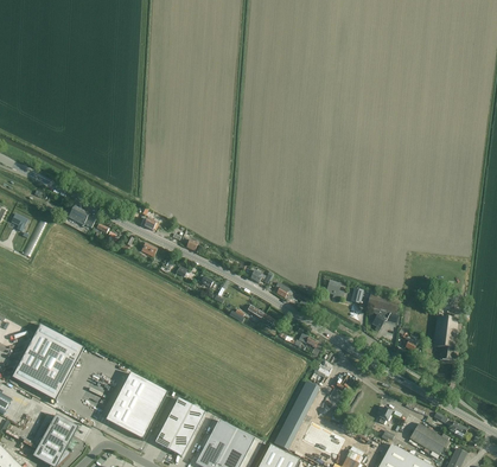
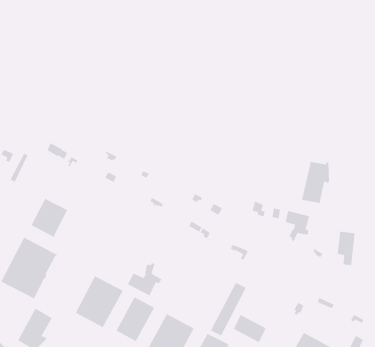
building: none -> [301,161,330,204]
building: none -> [31,198,68,238]
building: none -> [127,262,163,296]
building: [409,422,447,455] -> none

